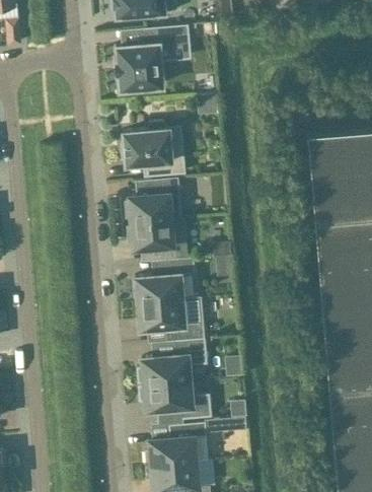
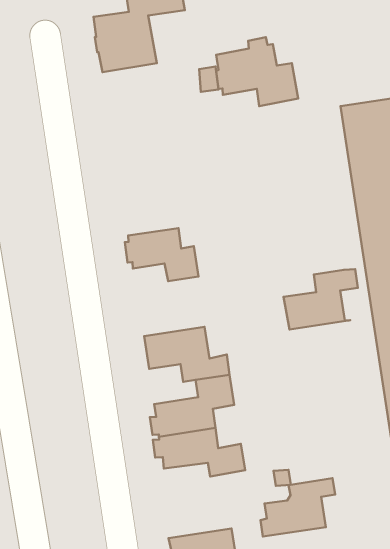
building: [124,124,188,179] -> [216,37,298,106]
building: [128,182,182,225] -> none
building: [137,262,197,306] -> [283,269,358,330]
building: [147,426,208,469] -> [260,478,335,537]

